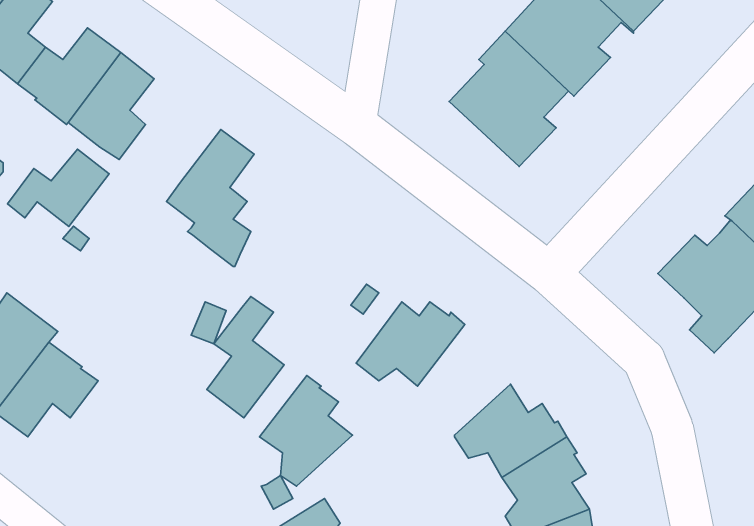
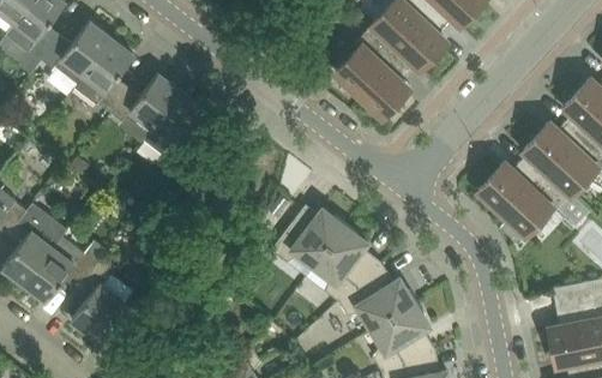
building: [7,149,109,227] -> [109,74,179,127]
building: [207,296,284,418] -> [71,256,124,338]
building: [260,376,353,486] -> [313,224,377,300]

